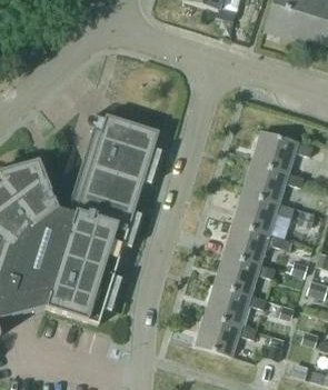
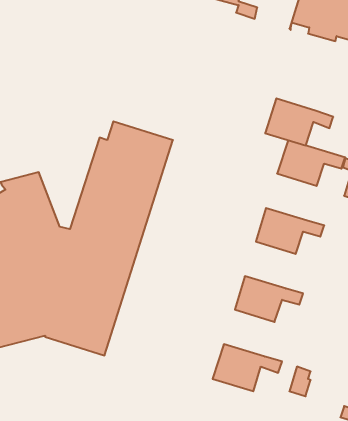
building: [242,161,304,203] -> [265,98,333,145]
building: [223,222,285,264] -> none
building: [205,283,266,326] -> none

